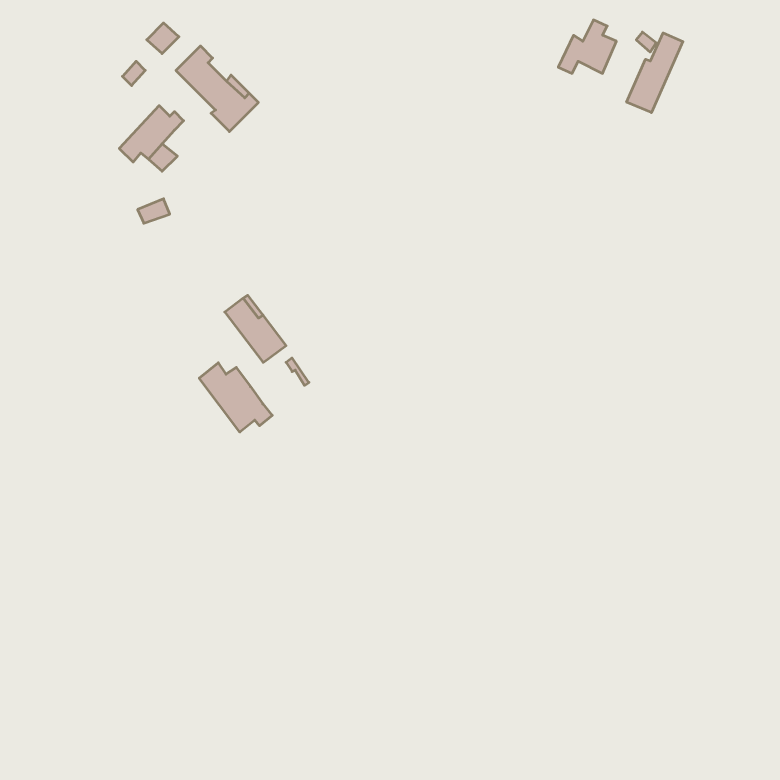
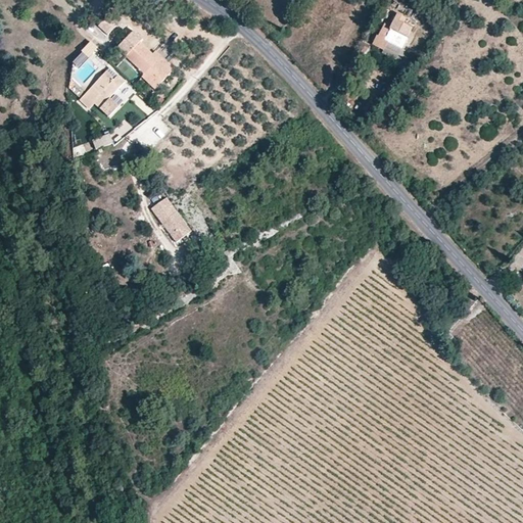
building: [627,33,683,113] -> none
building: [199,363,272,432] -> none

